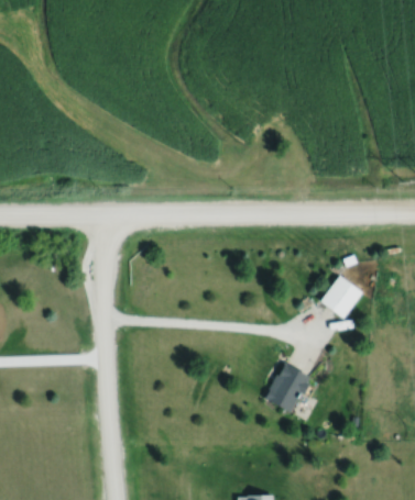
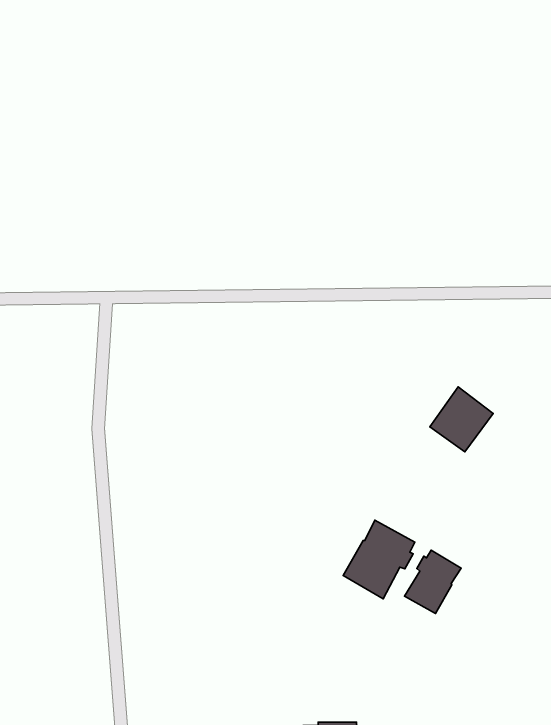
building: none -> [405,550,461,613]

